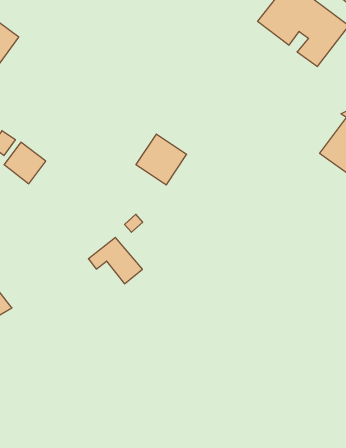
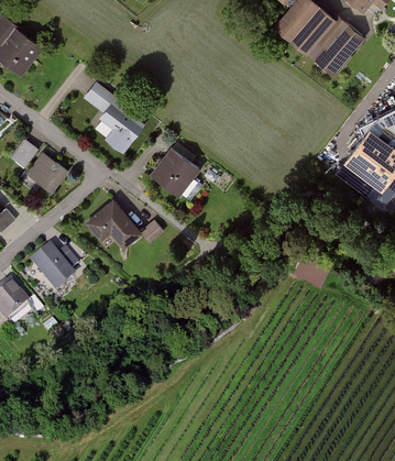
building: none -> [88,80,151,151]
building: [88,237,142,284] -> [88,201,141,246]
building: none -> [33,246,79,285]

